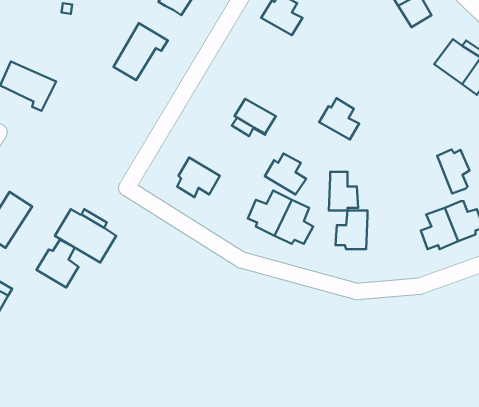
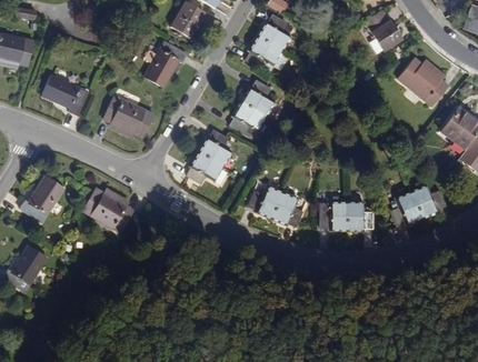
building: none -> [246,37,282,69]
building: none -> [99,94,151,138]
building: [319,98,359,140] -> [243,84,277,119]
building: [437,150,470,194] -> none
building: [265,153,306,195] -> [197,134,231,169]
building: [329,172,358,211] -> [345,198,369,230]
building: [37,240,79,287] -> none

